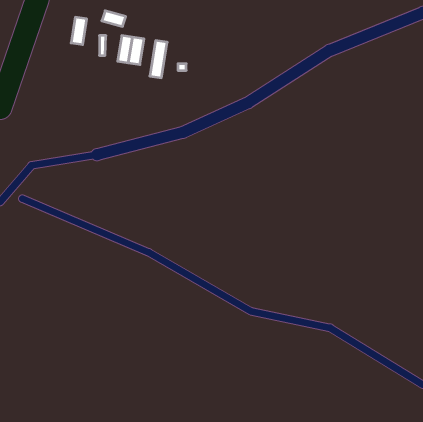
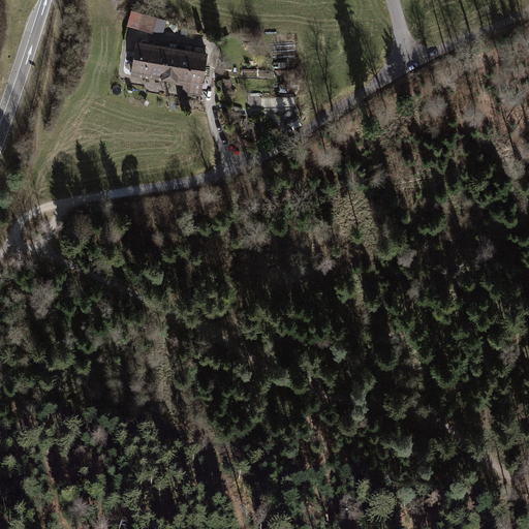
building: [71,17,87,45] -> [132,42,152,76]
building: none -> [175,49,194,95]

